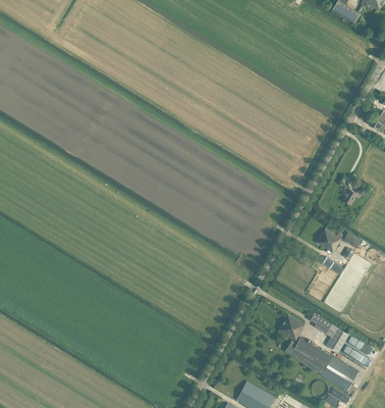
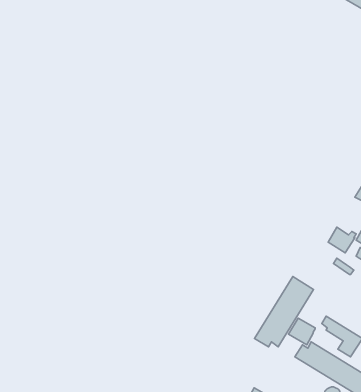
building: none -> [254,276,314,347]

